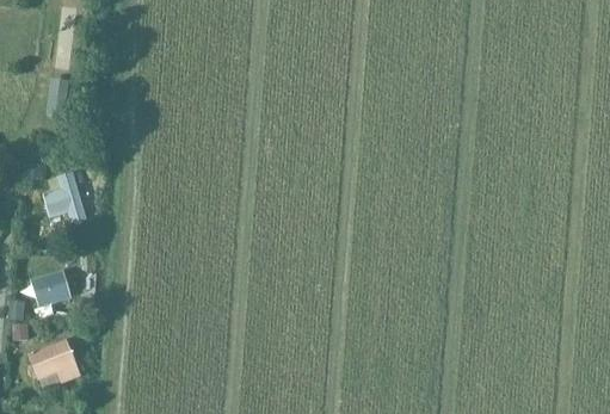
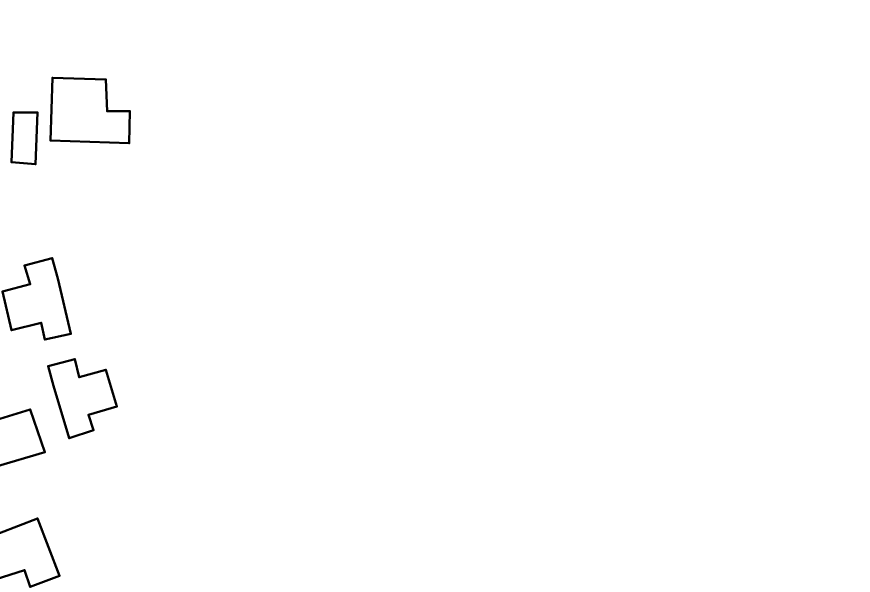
building: none -> [50,78,130,143]
building: none -> [48,359,117,438]

